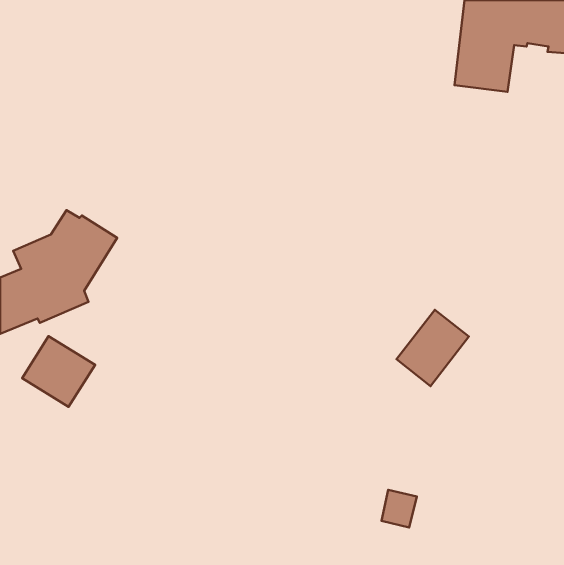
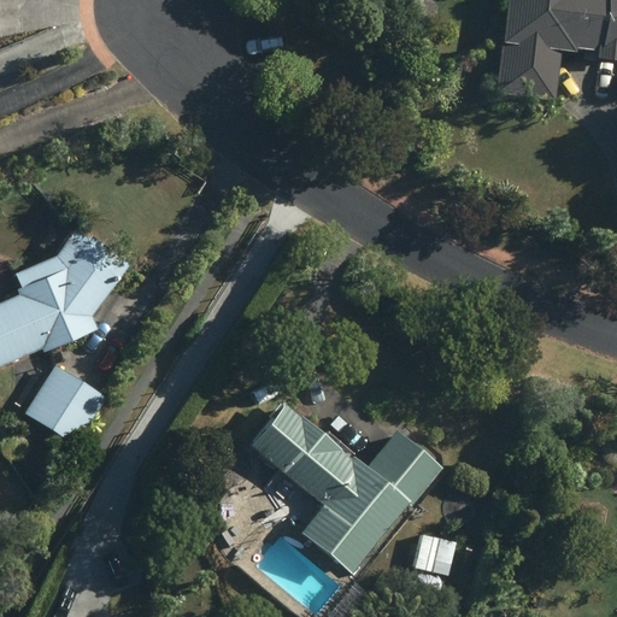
building: [396,310,469,386] -> none
building: none -> [249,401,440,572]

